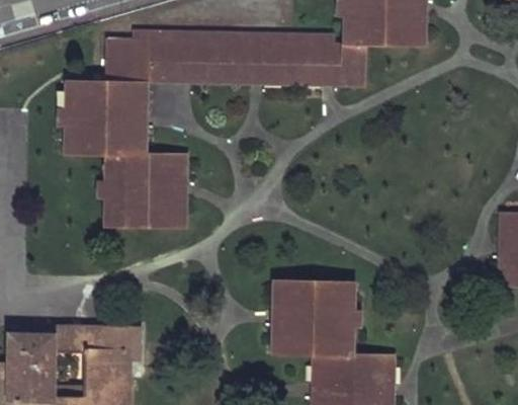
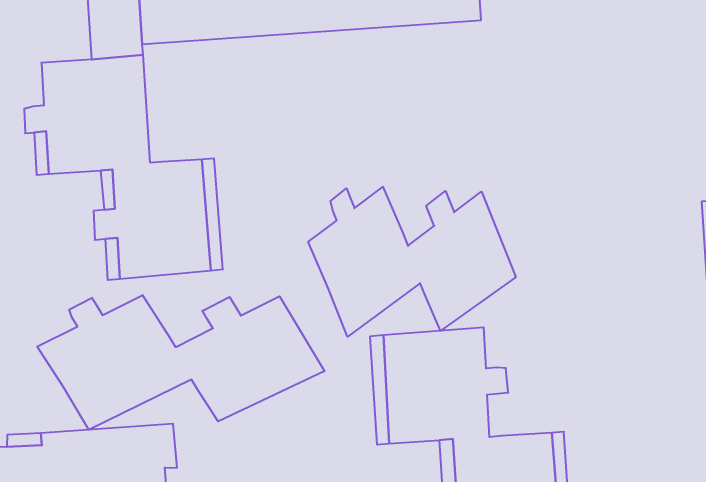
building: [139,73,366,152] -> none
building: none -> [308,187,516,337]
building: none -> [37,295,324,430]

